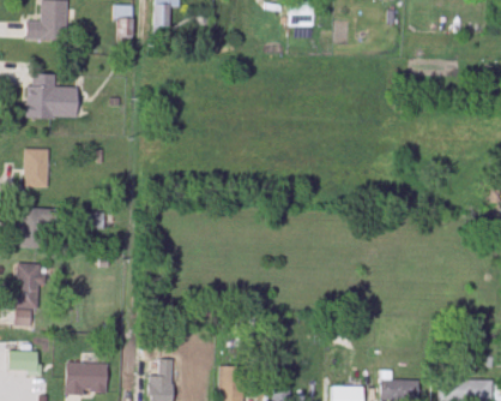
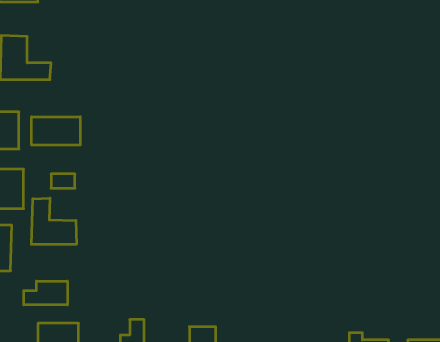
building: none -> [32,117,80,145]
building: none -> [31,198,76,244]
building: none -> [24,281,67,305]

